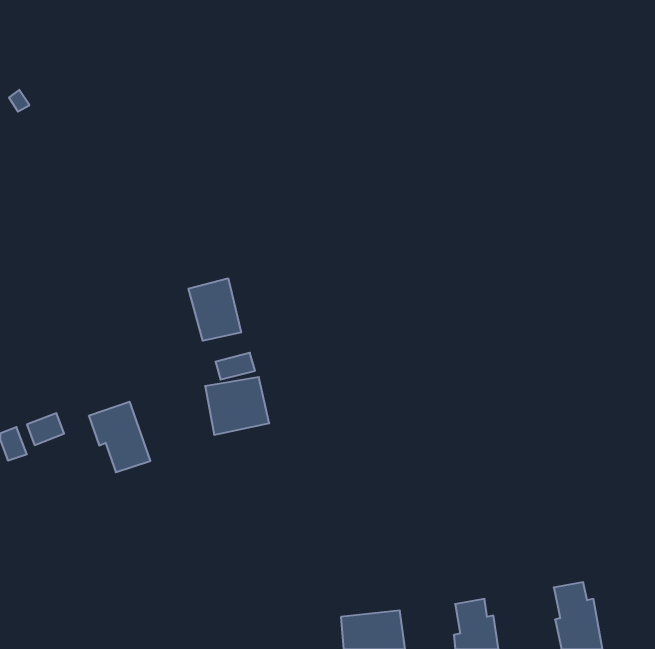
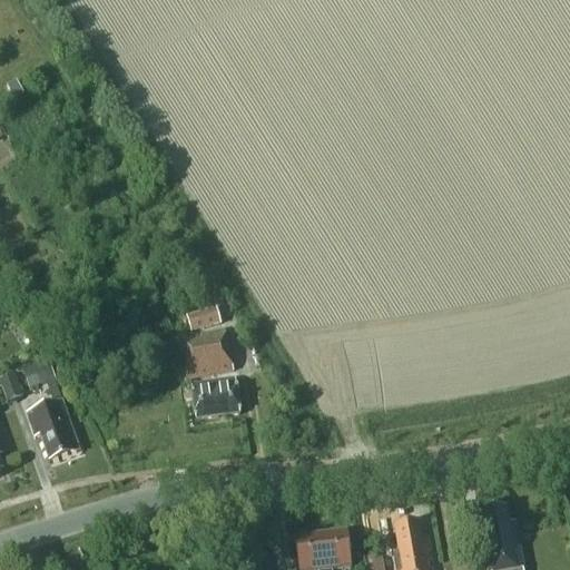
building: [188,278,241,341] -> none
building: [89,402,150,472] -> [27,397,80,459]
building: none -> [191,376,240,417]

